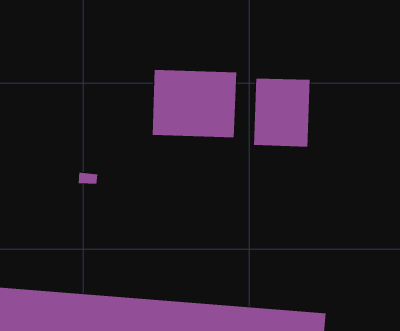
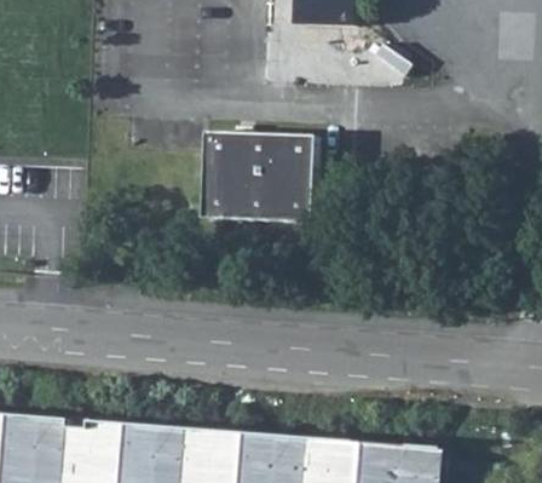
building: [254,78,310,148] -> none

